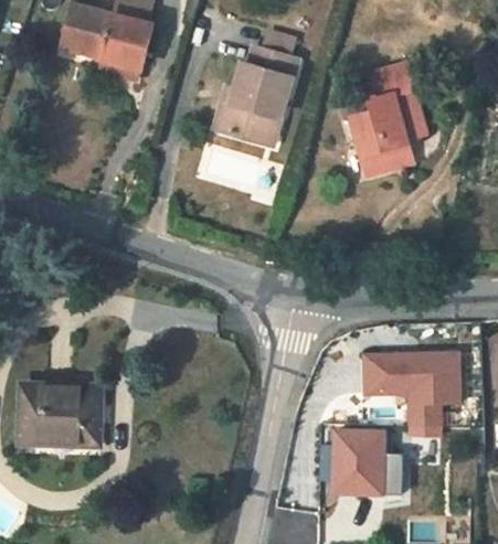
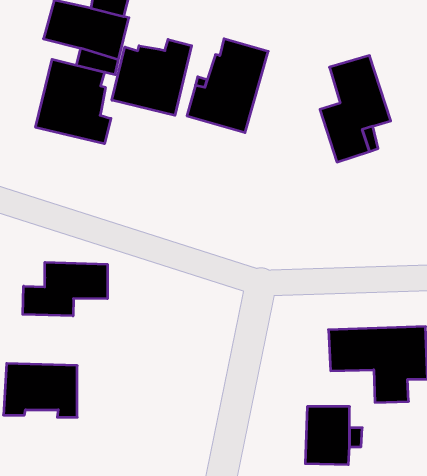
building: none -> [112,39,192,115]
building: none -> [36,59,111,144]
building: none -> [23,262,107,316]

